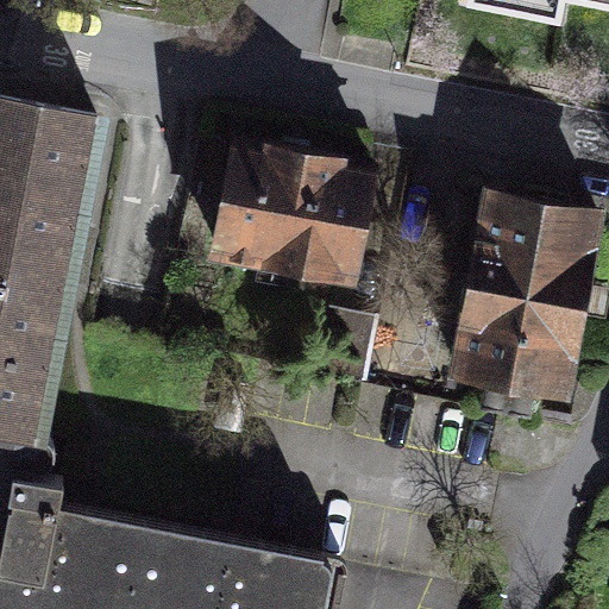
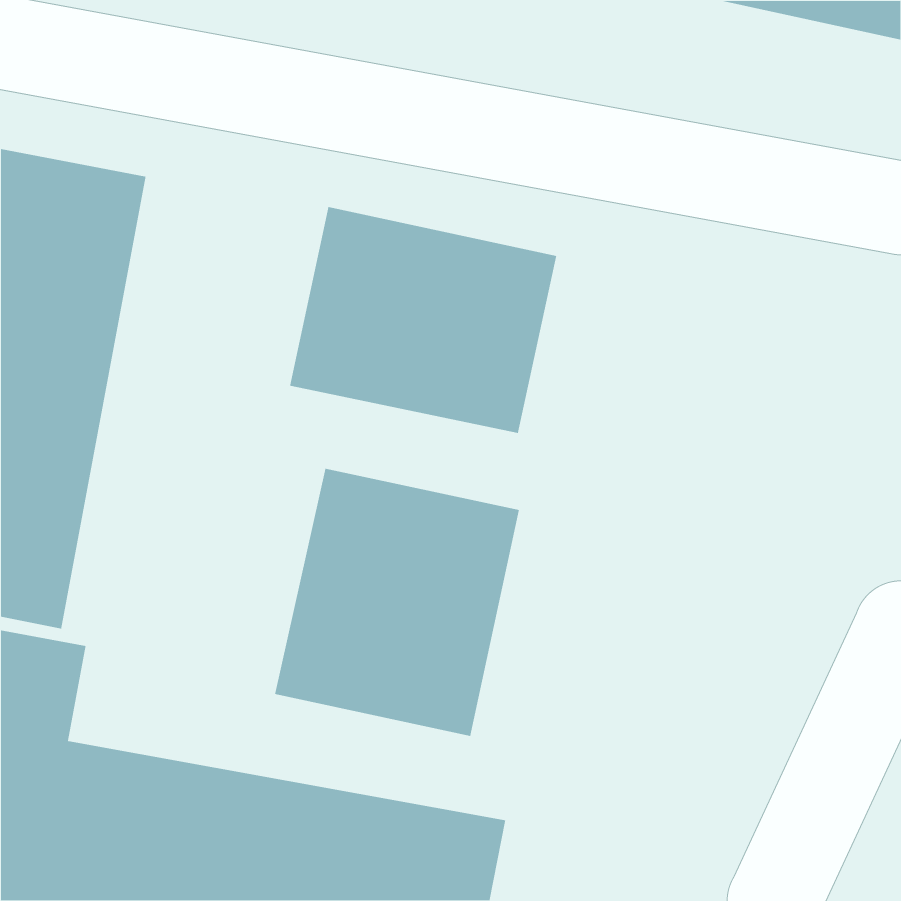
building: [440,202,602,423] -> none
building: none -> [274,468,520,737]

